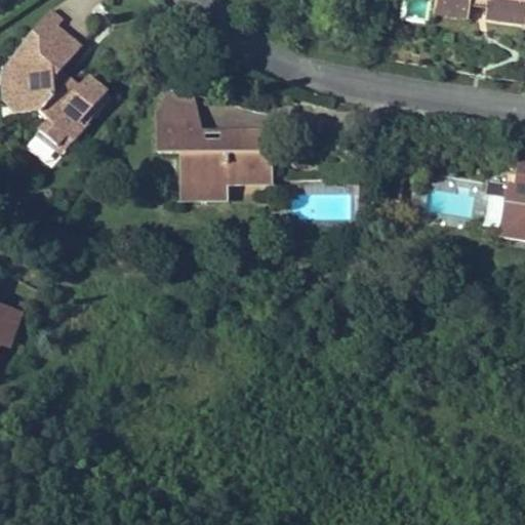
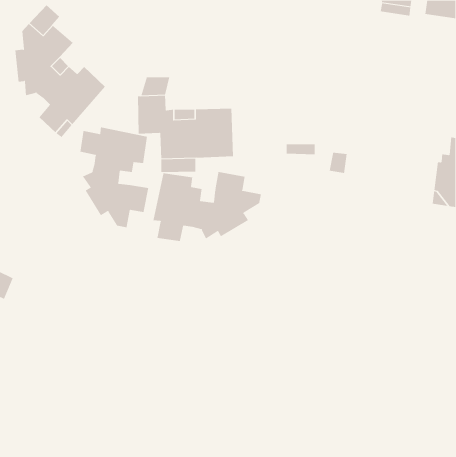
building: [5,57,49,118] -> none
building: none -> [80,127,149,228]
building: none -> [153,171,262,242]

